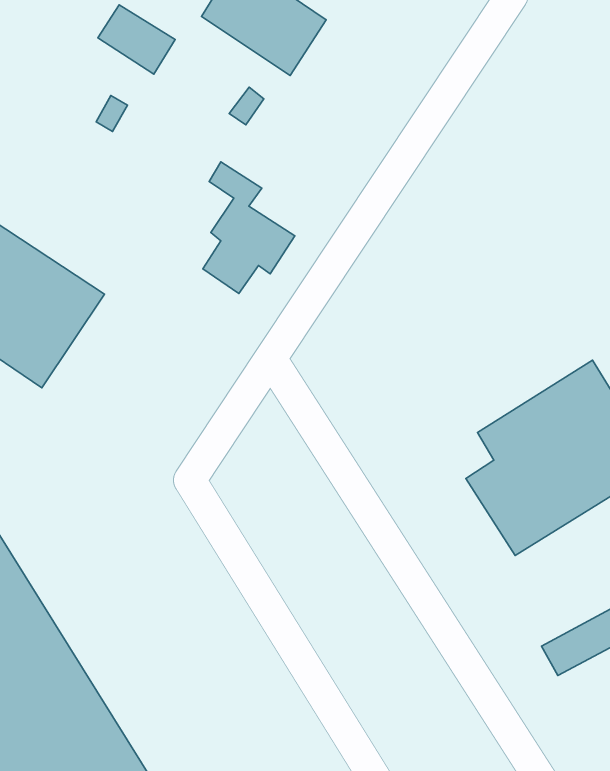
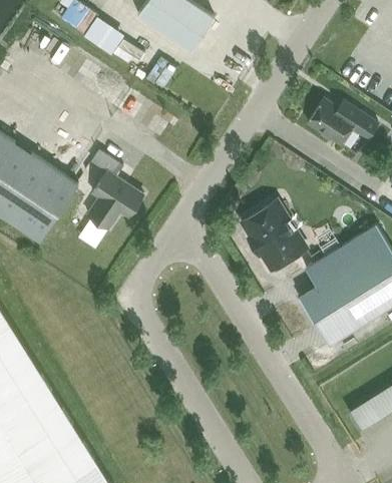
building: none -> [307,100,378,146]
building: [203,162,295,293] -> [87,151,143,231]
building: none -> [242,202,306,272]

